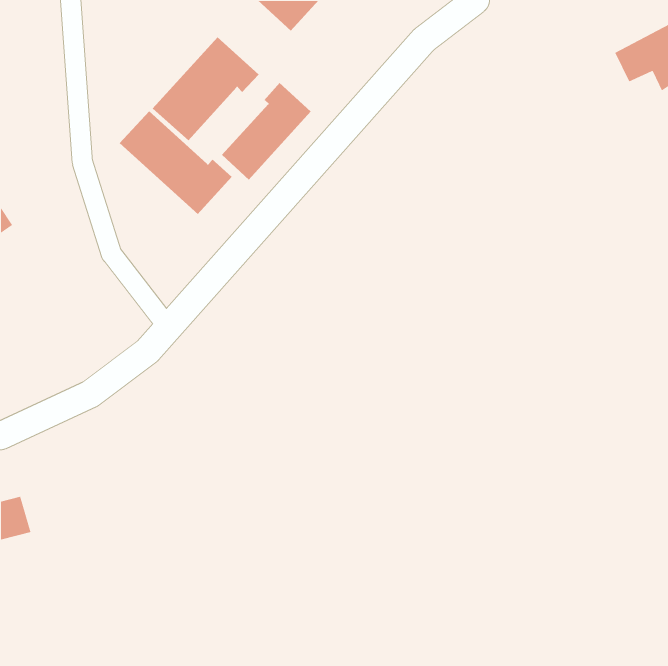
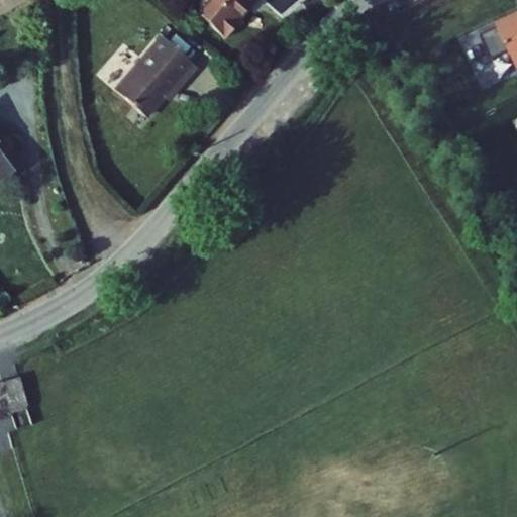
building: [221,82,311,180] -> none
building: [119,110,233,215] -> none

